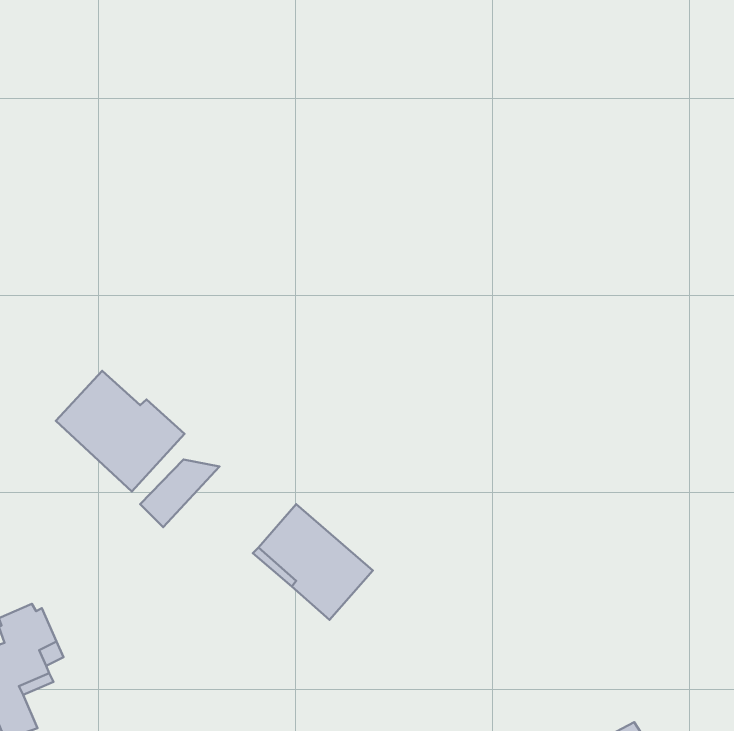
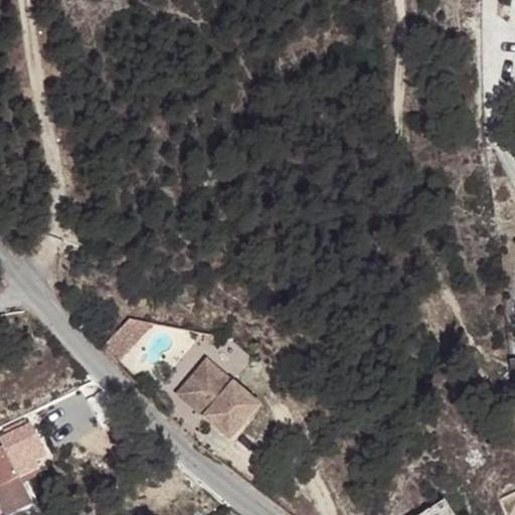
building: [56,371,184,491] -> none

